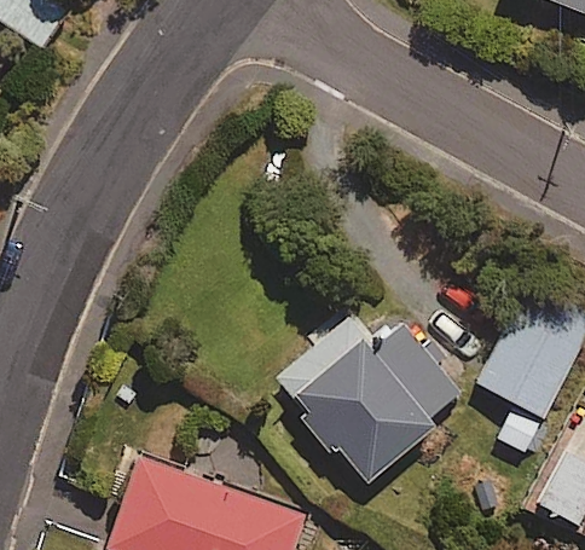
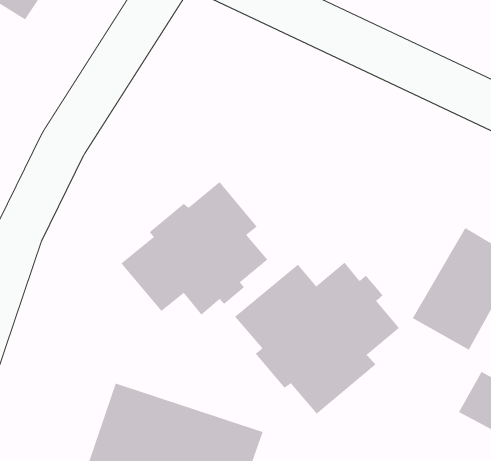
building: none -> [121,181,268,316]

